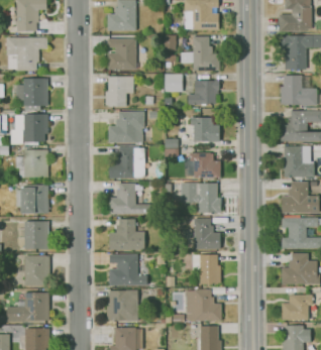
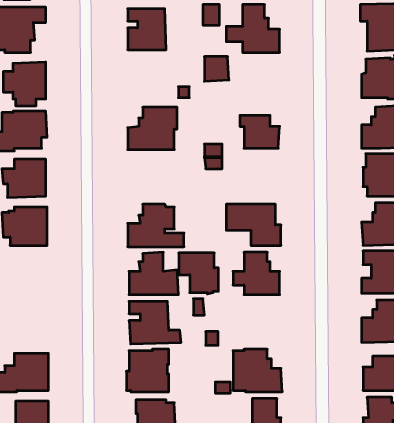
building: [105,76,133,106] -> none
building: [188,80,219,105] -> none
building: [109,145,144,178] -> none
building: [184,152,220,178] -> none
building: [18,221,48,248] -> none
building: [192,254,221,284] -> [179,253,218,294]
building: [18,256,49,285] -> none

